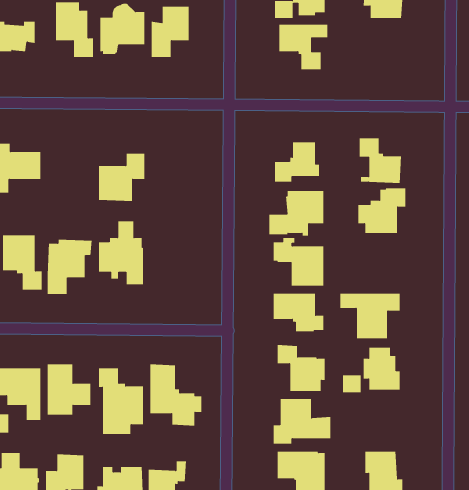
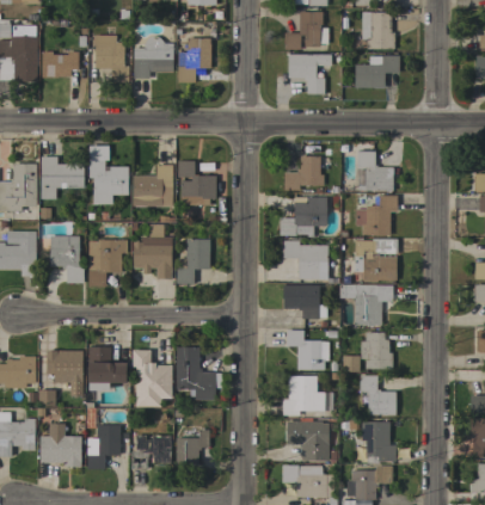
building: none -> [355,55,399,88]
building: none -> [90,144,129,204]
building: none -> [178,160,216,204]
building: none -> [355,238,398,282]
building: none -> [177,239,210,284]
building: none -> [360,375,397,414]

